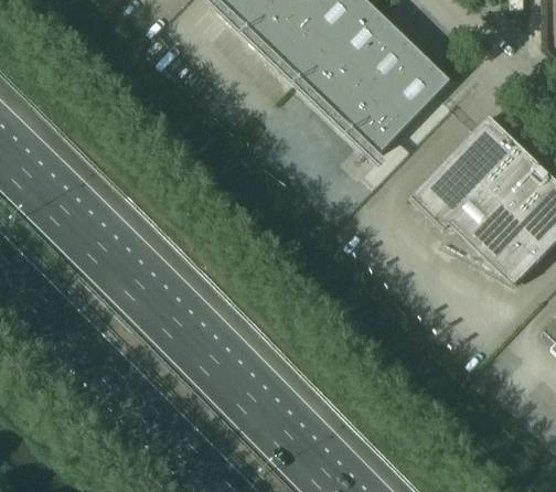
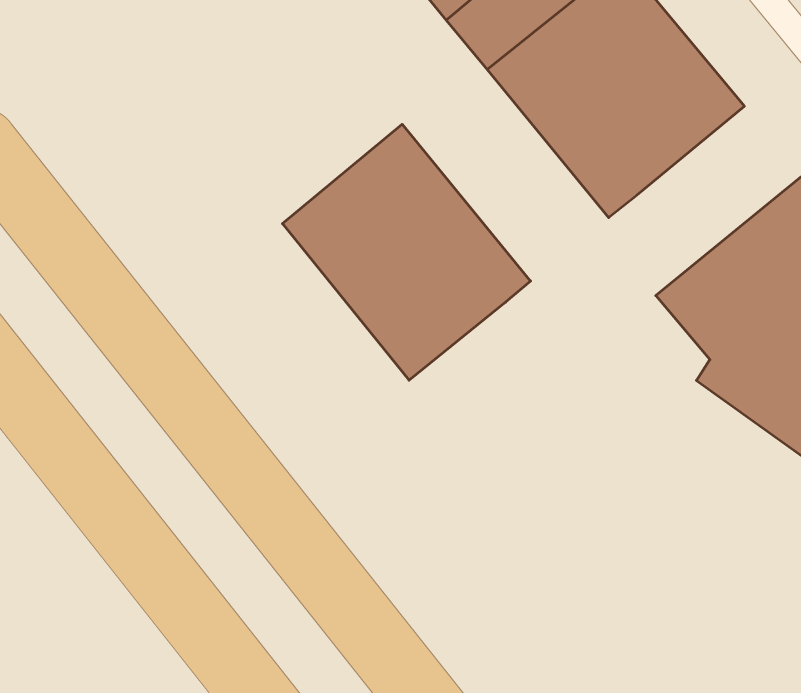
building: none -> [282,124,531,380]

